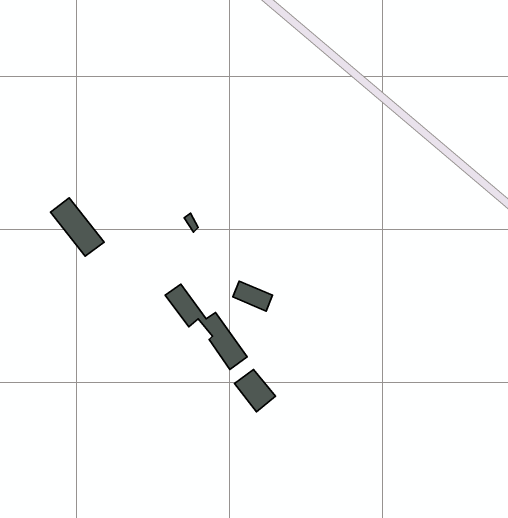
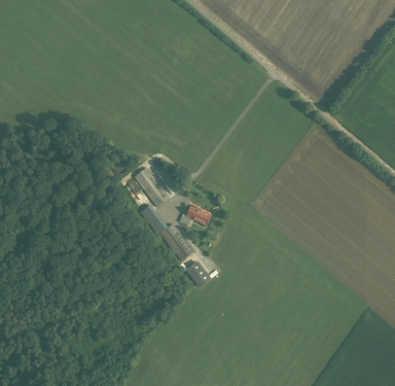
building: [50,198,104,256] -> [133,167,168,205]

